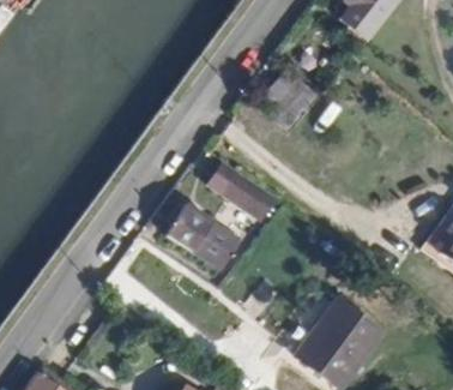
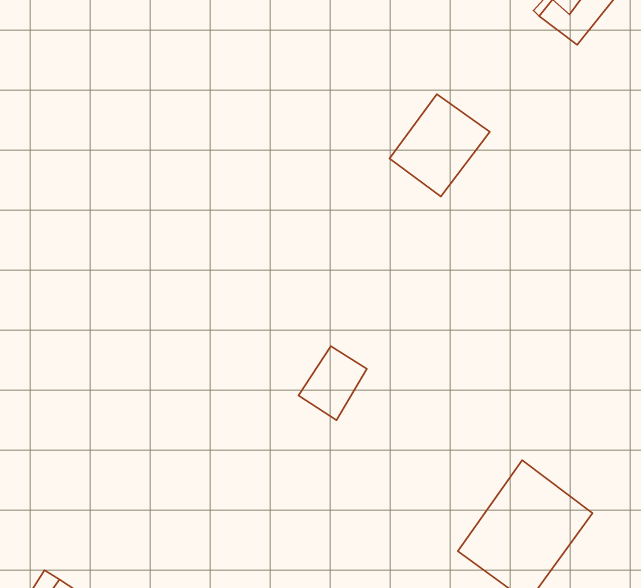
building: [206,164,277,222] -> none
building: [164,206,216,258] -> none

